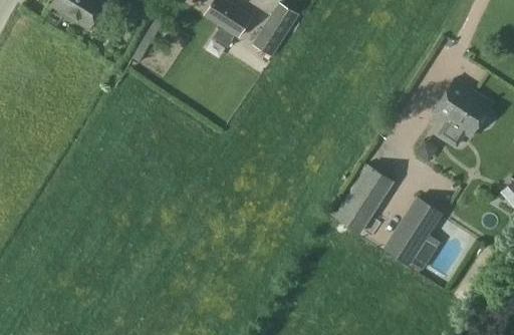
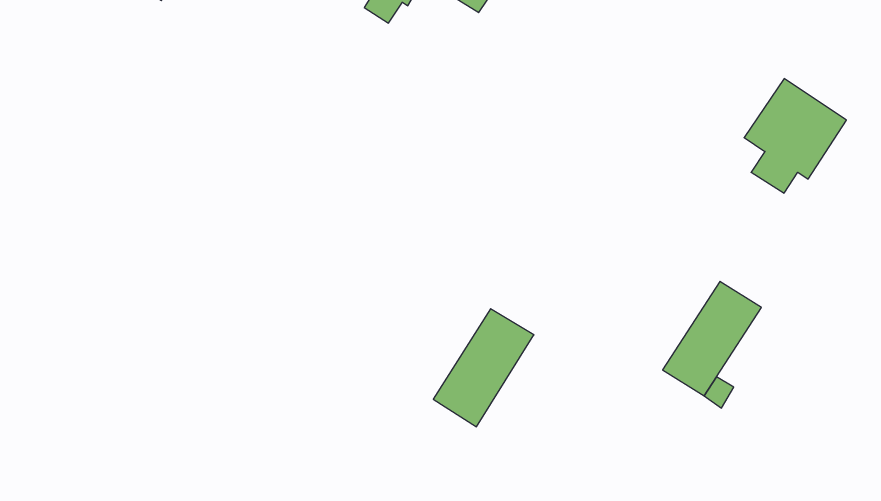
building: [334,165,393,234] -> [433,309,534,427]

